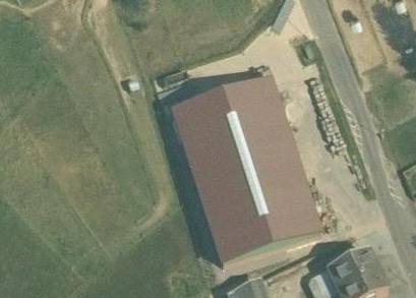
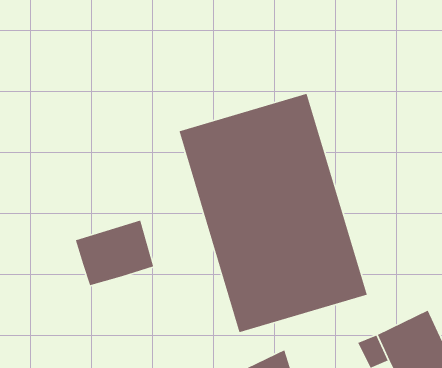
building: none -> [75,220,154,286]

